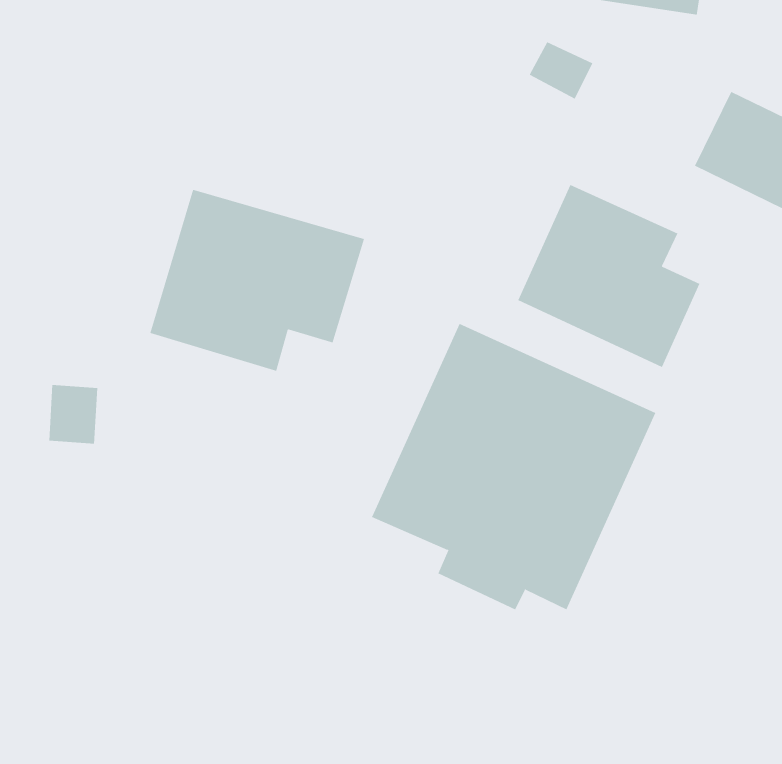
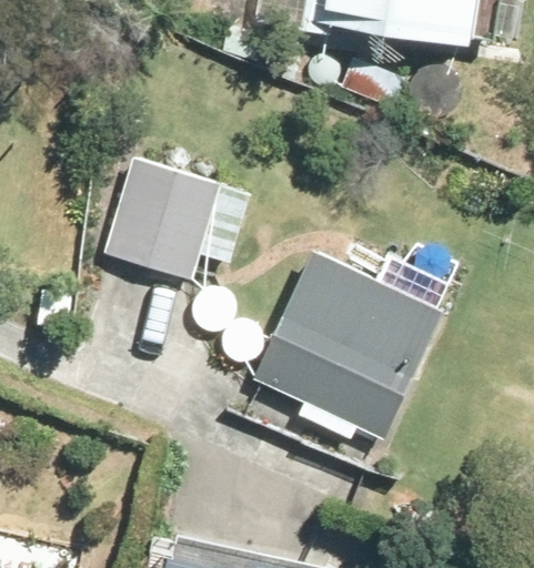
building: [518,184,700,368] -> none

